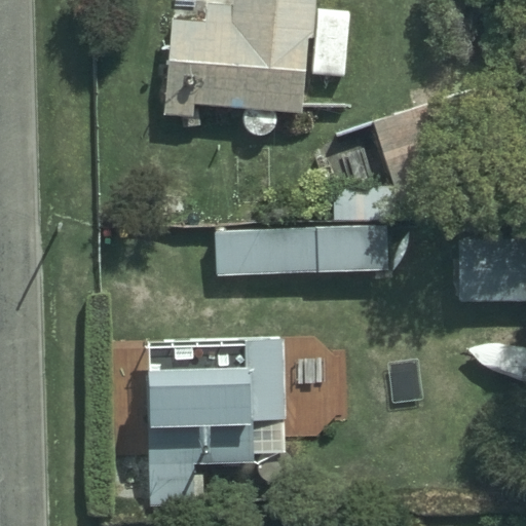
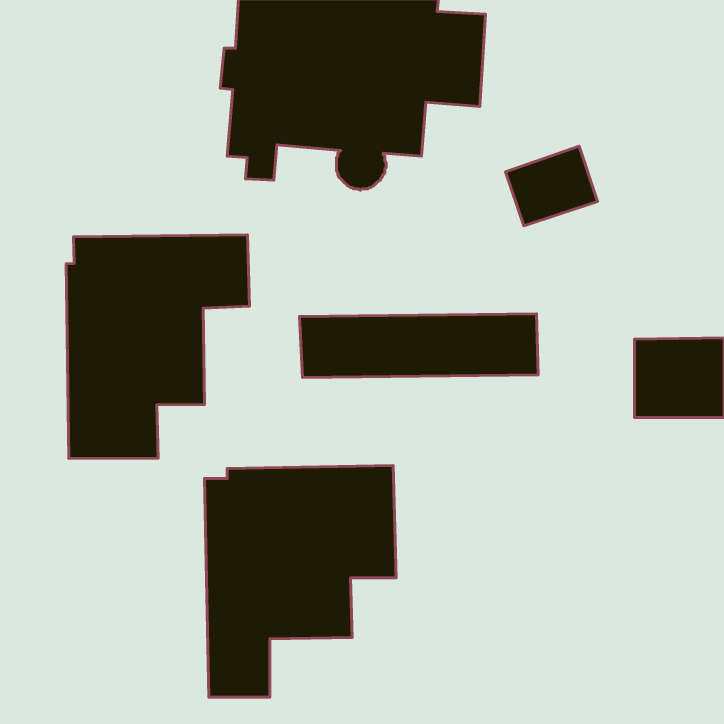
building: none -> [66,235,249,458]

